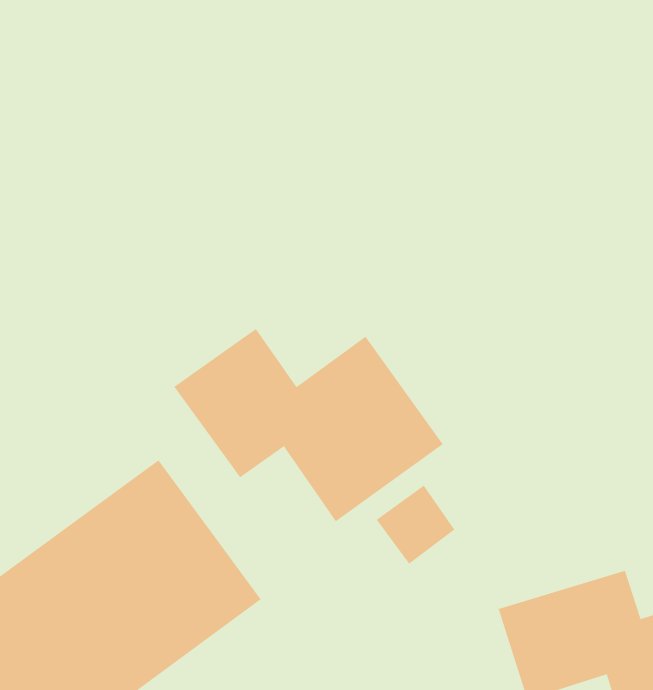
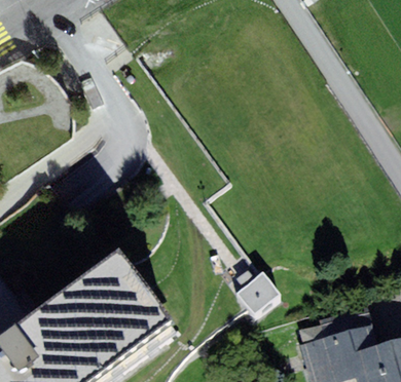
building: [174,328,443,522] -> none

